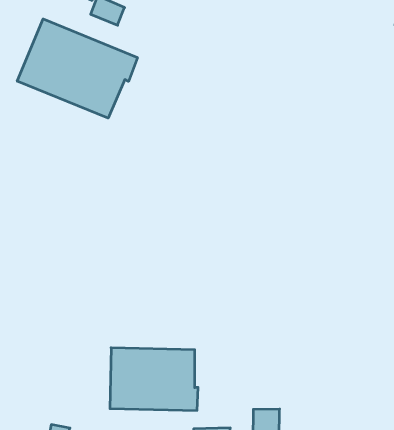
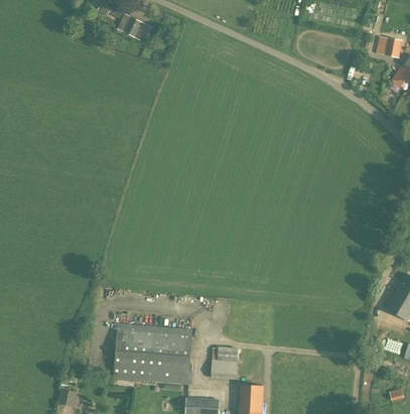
building: [17,19,137,118] -> none
building: none -> [211,346,238,378]

